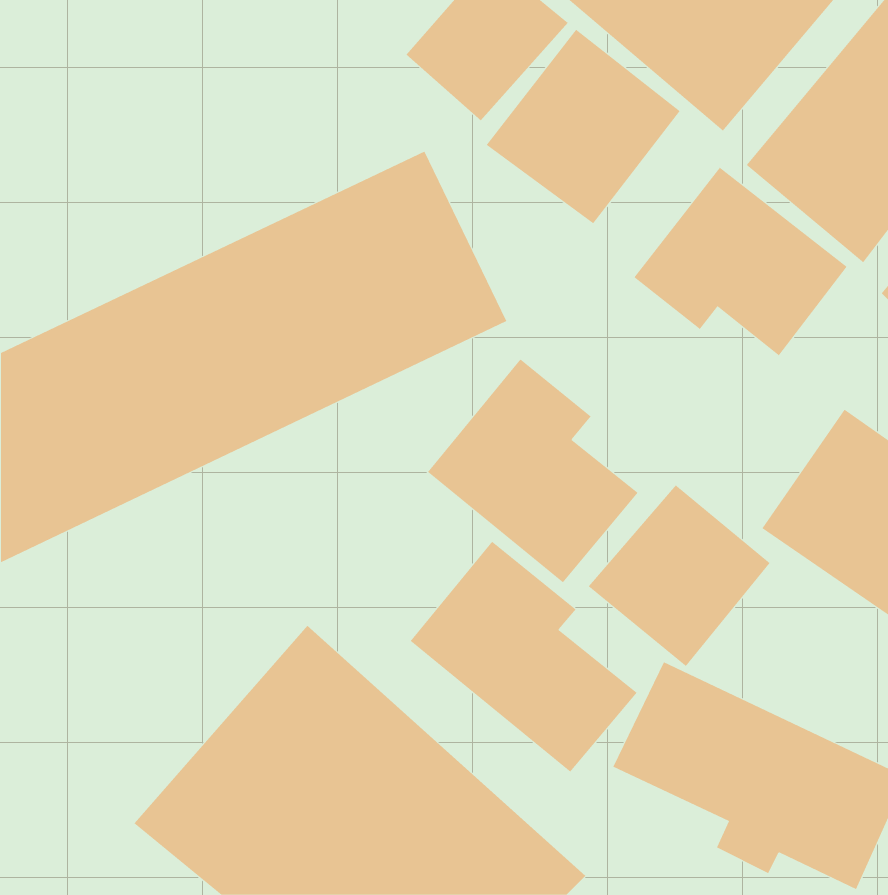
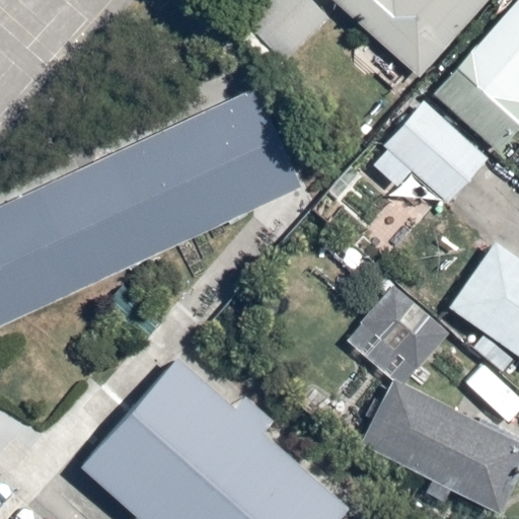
building: [486,29,680,224] -> none
building: [427,358,639,583] -> none
building: [410,541,637,773] -> none

